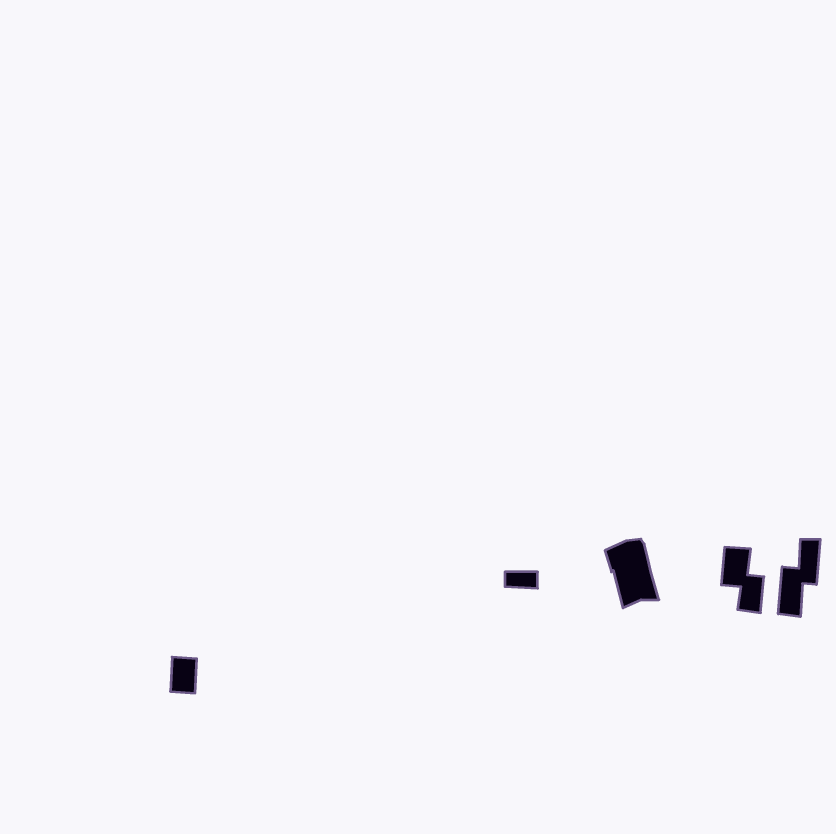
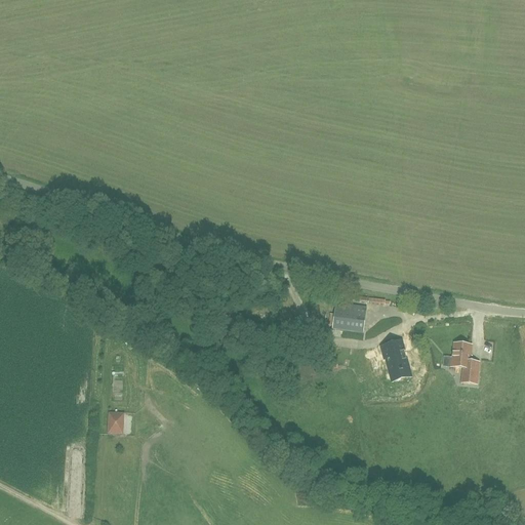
building: none -> [331,304,366,332]
building: [778,539,820,617] -> none

